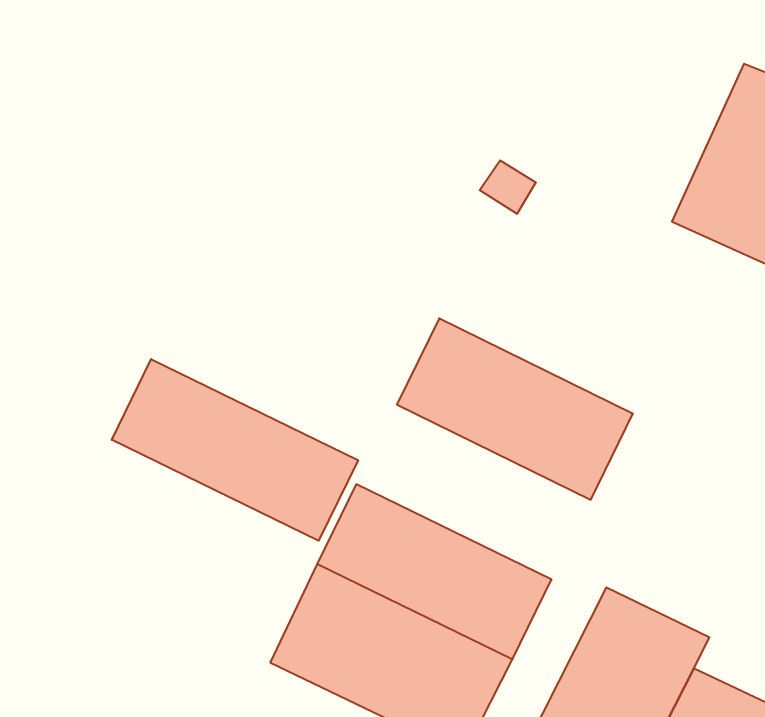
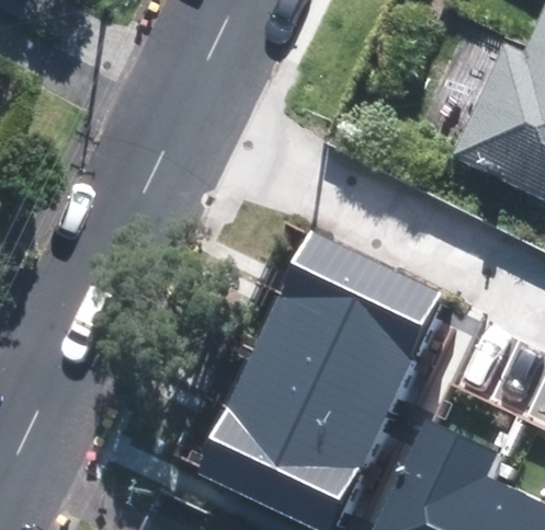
building: [112,359,358,541] -> none
building: none -> [251,290,416,413]

